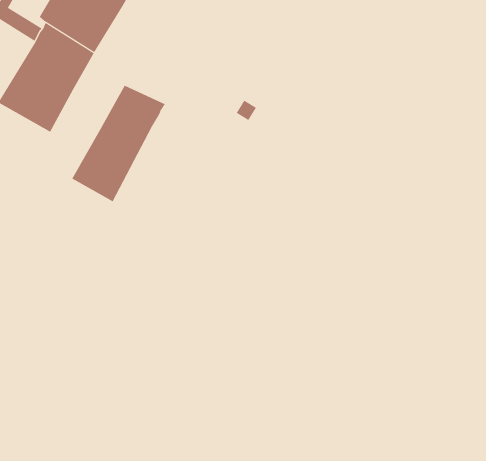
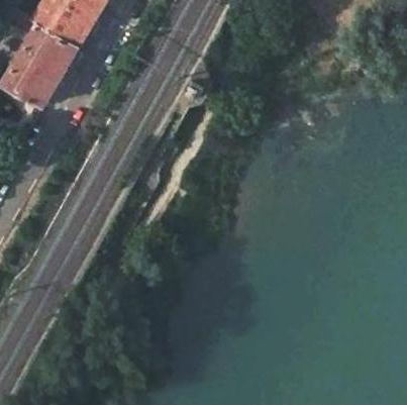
building: [72,85,166,202] -> none

